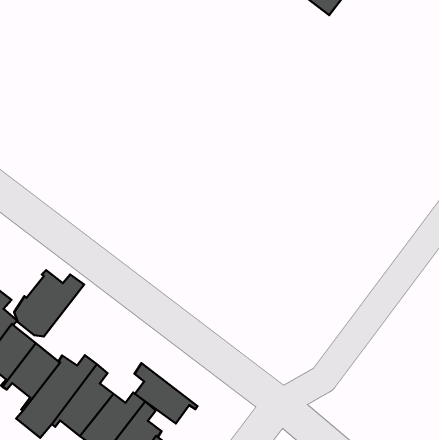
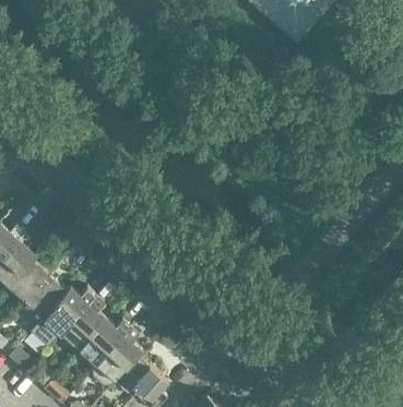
building: [14,270,84,337] -> none
building: [134,363,197,423] -> none

